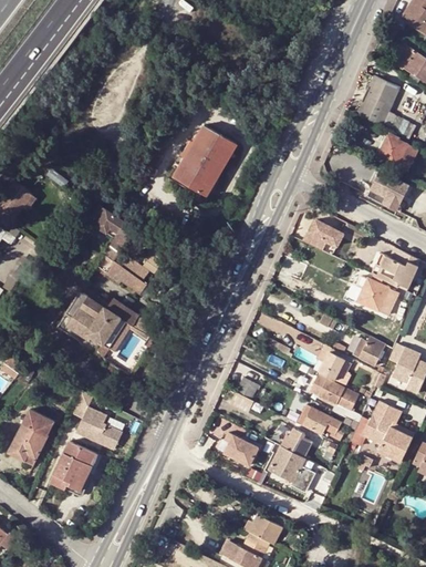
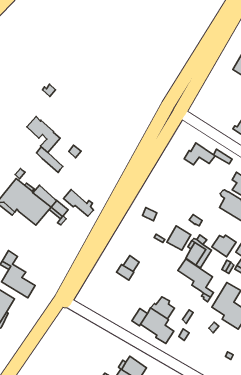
building: [172,124,237,196] -> none
building: [104,260,146,293] -> [63,189,94,216]
building: [299,404,344,440] -> none
building: [224,432,258,465] -> none

